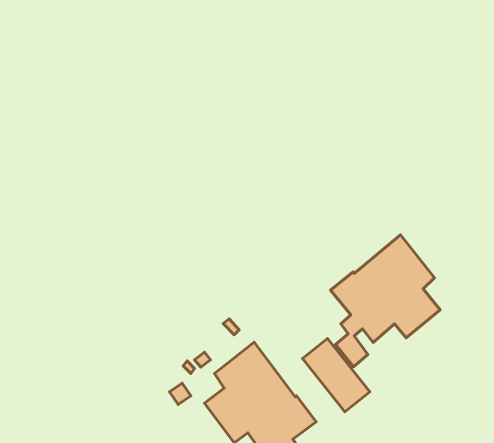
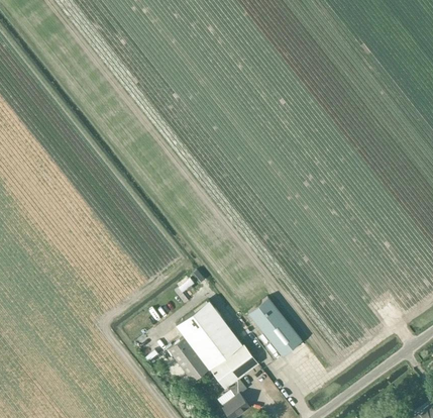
building: [330,235,440,367] -> none

